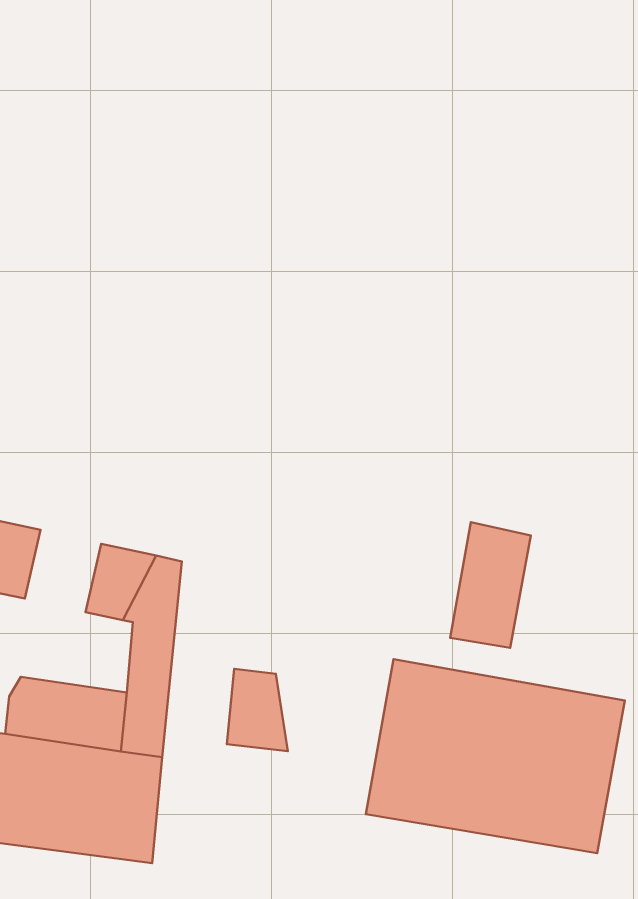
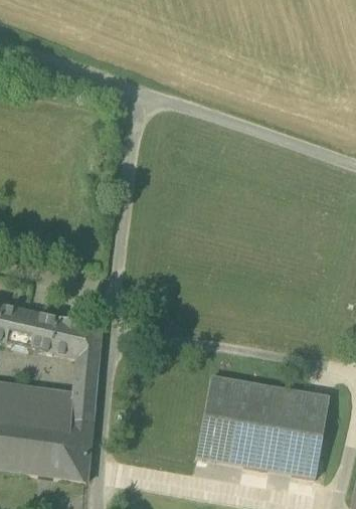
building: [450,522,531,648] -> none
building: none -> [21,310,60,352]
building: [227,669,288,751] -> none

